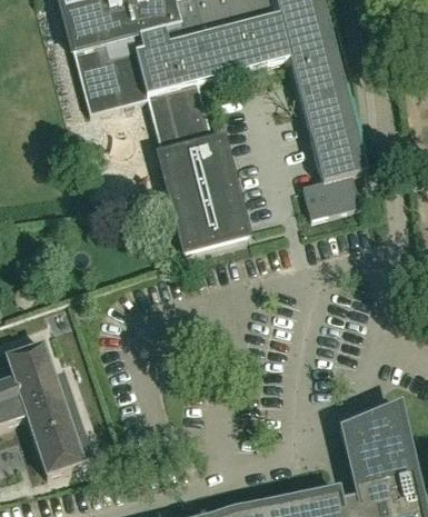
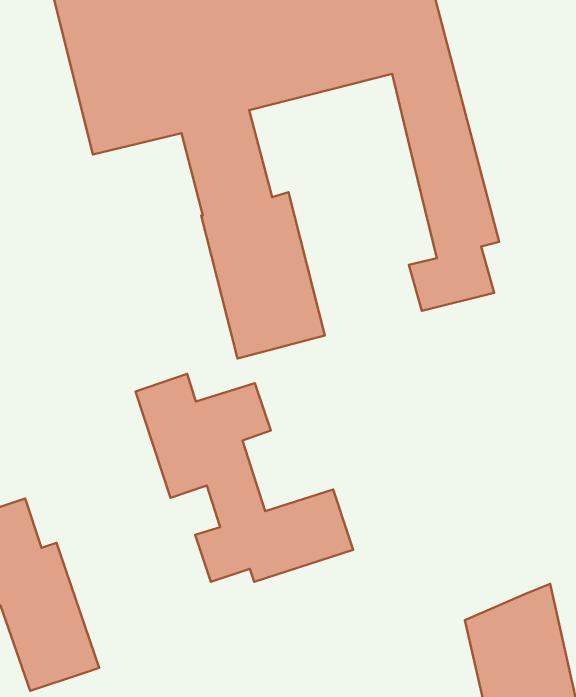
building: none -> [136,374,353,582]

